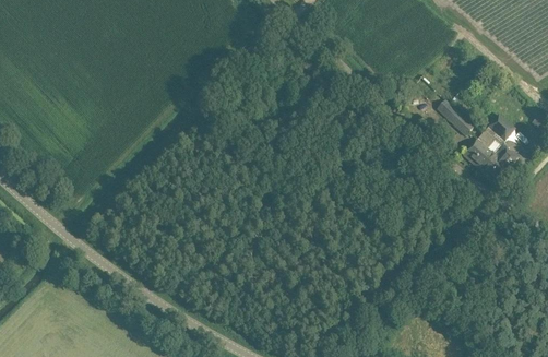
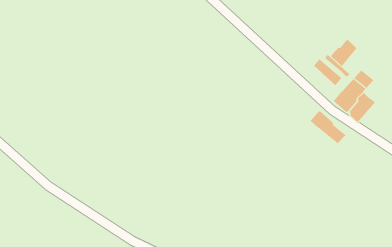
building: none -> [330,39,357,67]
building: none -> [310,110,346,144]

